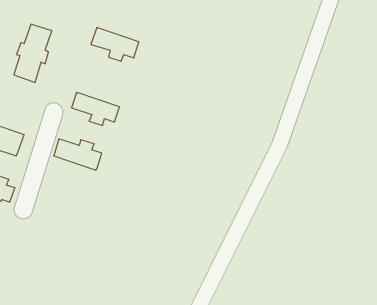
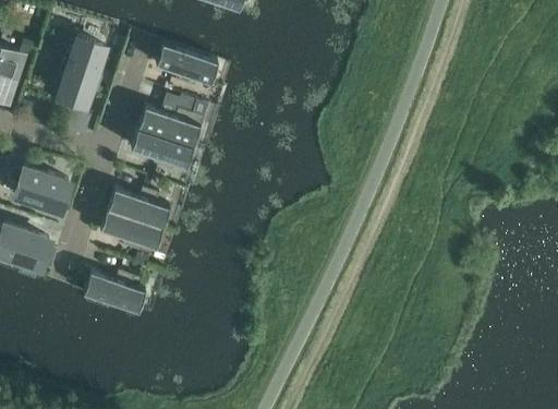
building: none -> [138,96,208,148]
building: none -> [100,212,162,254]
building: none -> [84,273,146,313]

